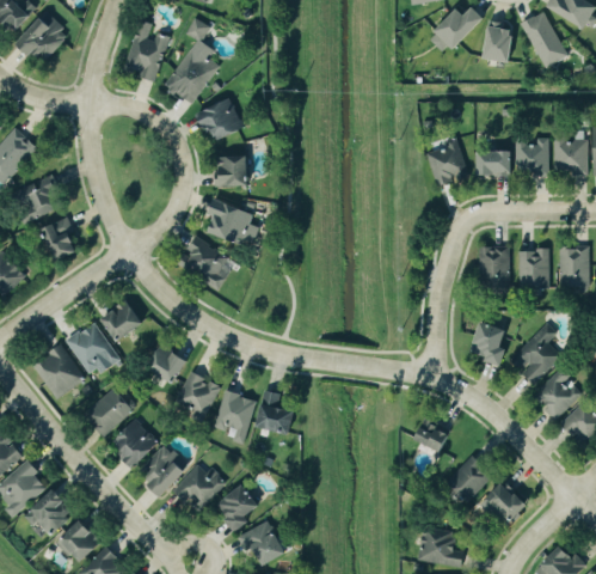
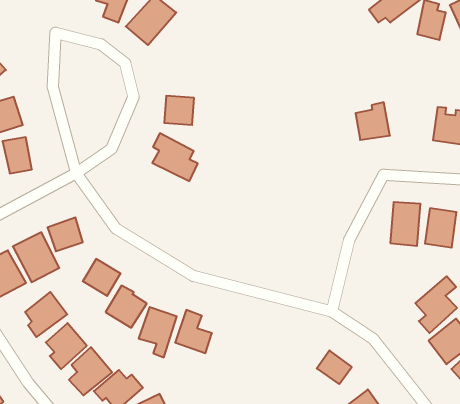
building: [198,98,244,142] -> none
building: [478,151,512,176] -> none
building: [185,236,229,288] -> none
building: [471,323,506,365] -> none

